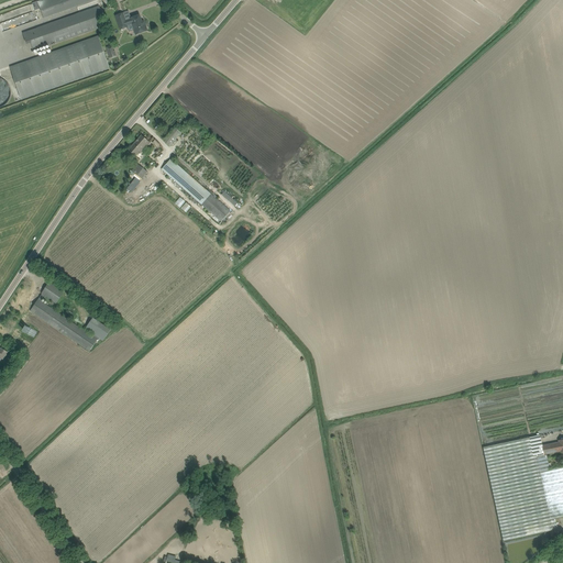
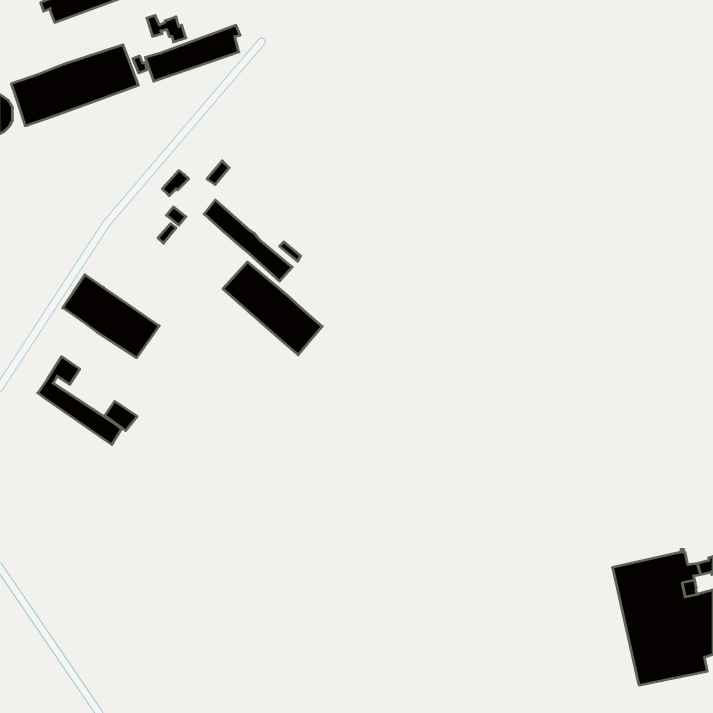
building: [26,4,101,48] -> [145,25,240,81]
building: none -> [223,262,322,355]
building: none -> [63,275,159,358]

